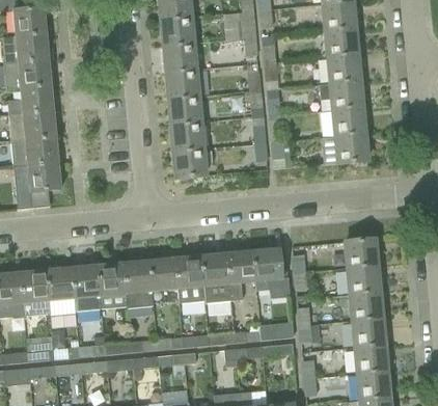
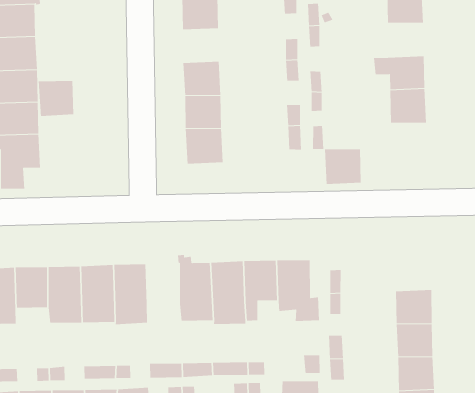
building: [328,55,359,84] -> none
building: [166,70,197,99] -> none
building: none -> [38,80,74,117]
building: [335,134,366,164] -> [324,149,361,185]
building: [345,239,377,269] -> none
building: [149,258,177,292] -> none

